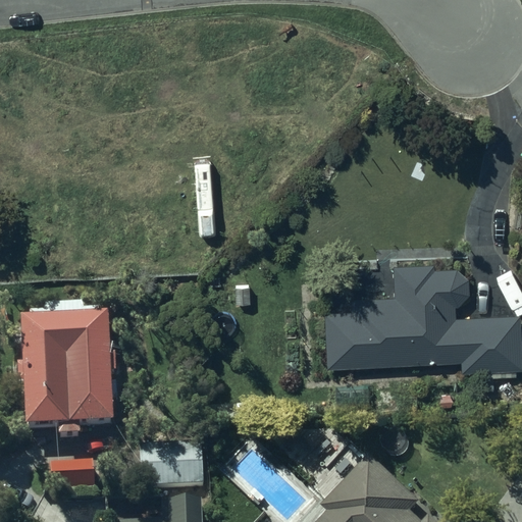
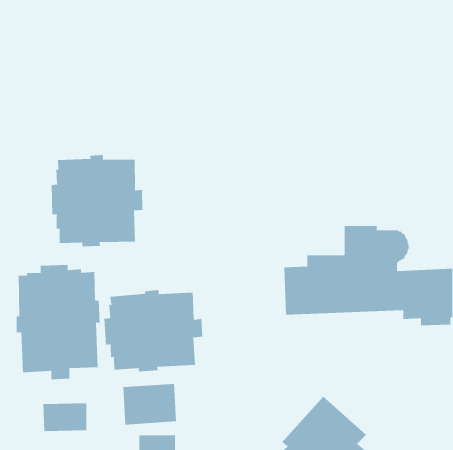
building: none -> [51,154,143,247]
building: none -> [104,289,203,372]

